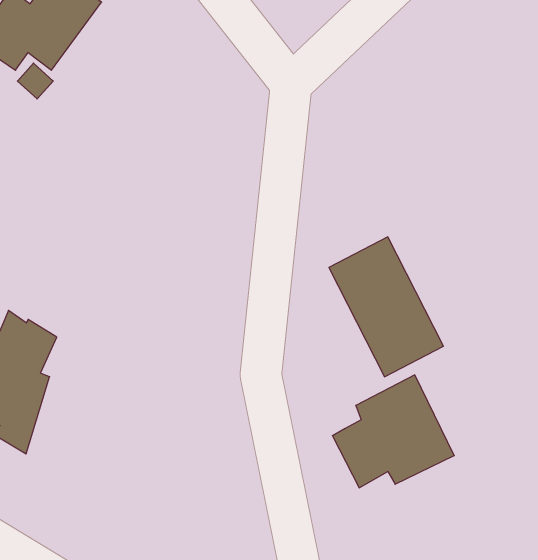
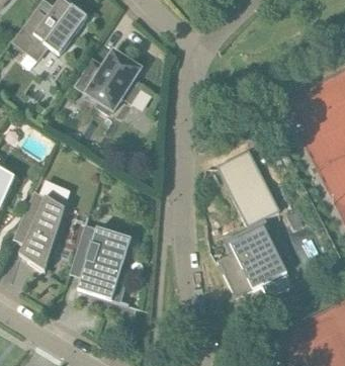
building: none -> [75,52,140,113]
building: none -> [70,216,131,304]

